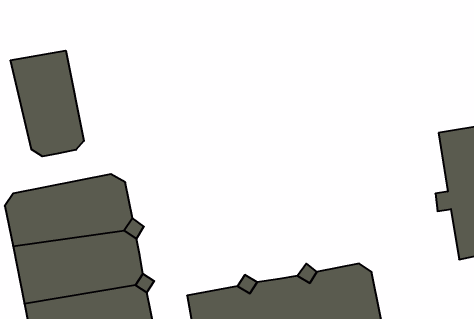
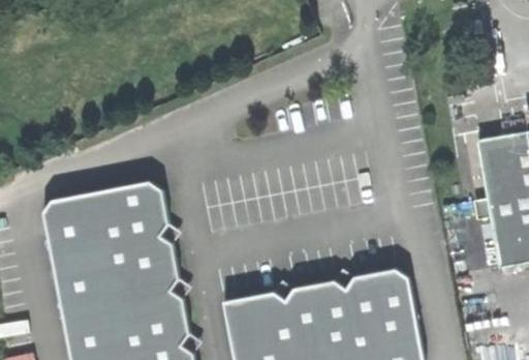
building: [11,51,84,156] -> none

